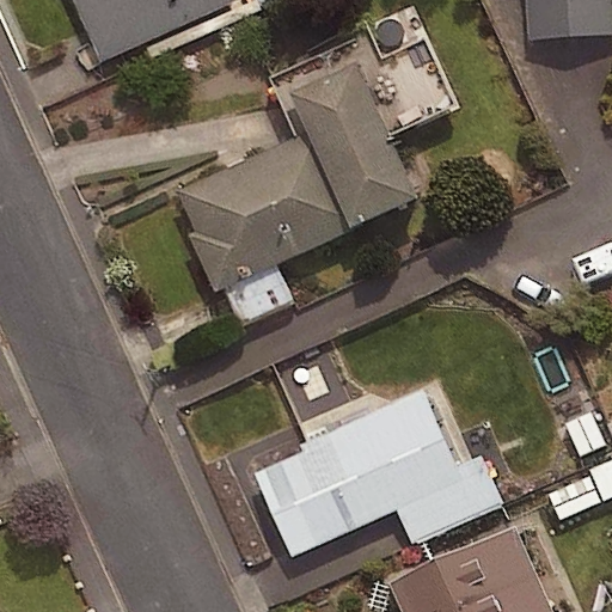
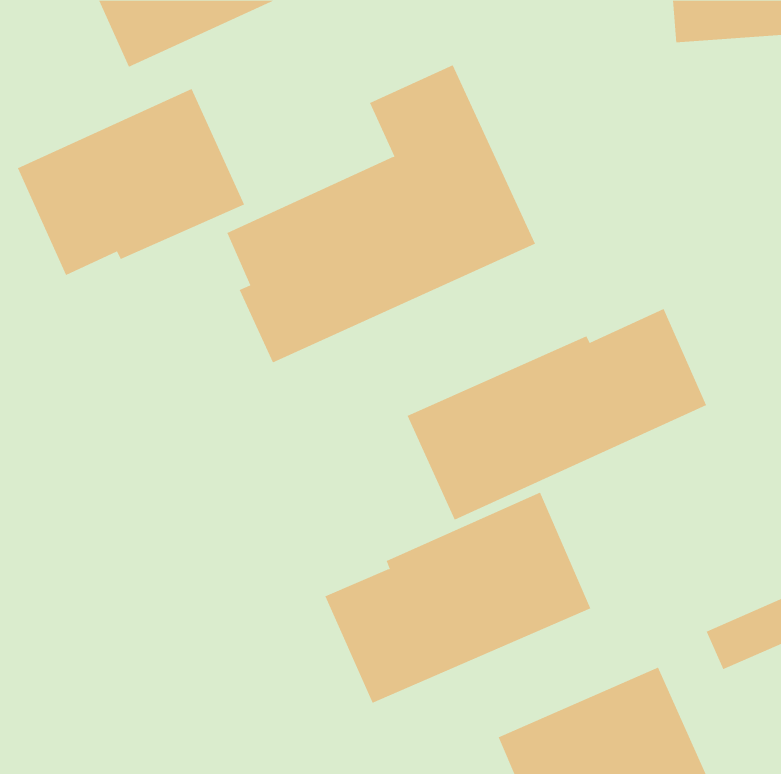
building: none -> [17,88,245,276]
building: none -> [407,308,707,521]

